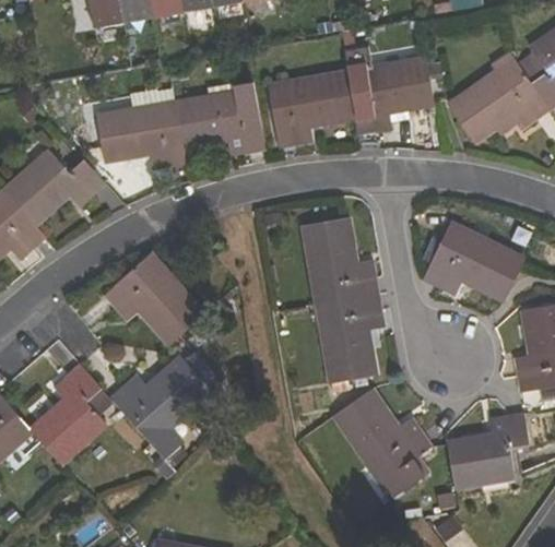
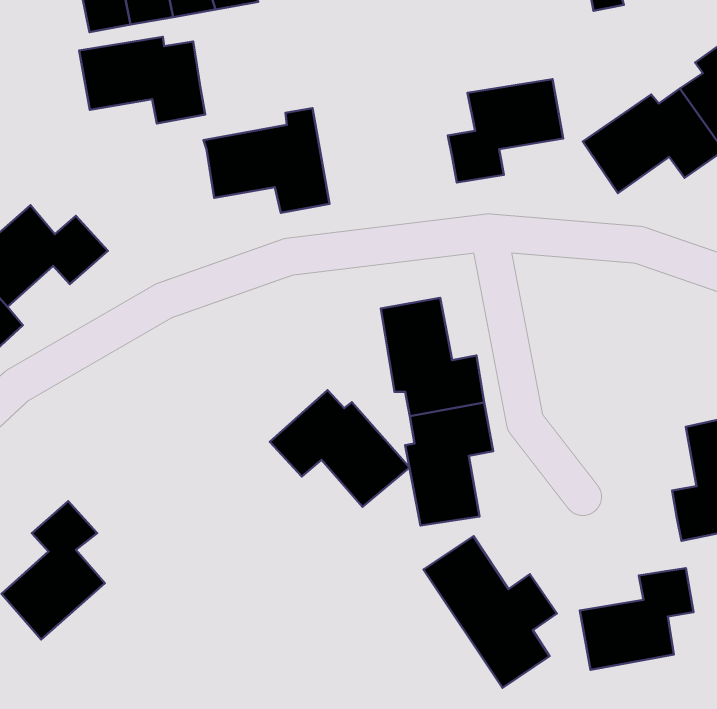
building: [270,74,355,147] -> none
building: [96,107,187,169] -> [79,37,205,123]
building: [424,231,524,298] -> none
building: [104,259,204,343] -> [270,390,409,507]
building: [109,356,210,459] -> none

